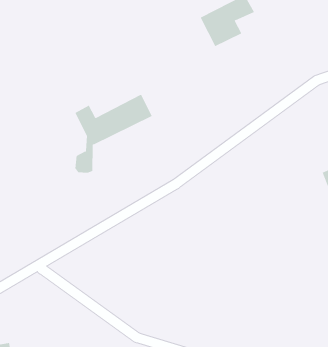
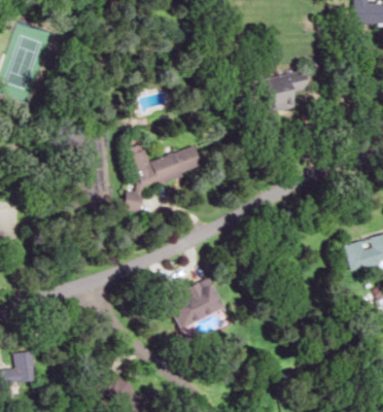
building: none -> [165,277,219,328]

